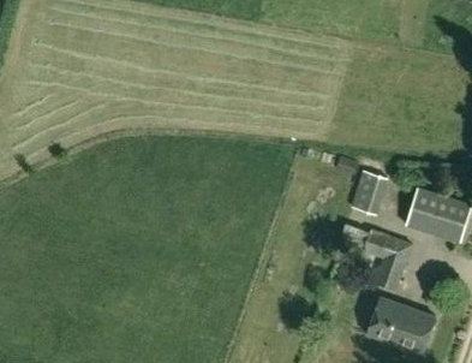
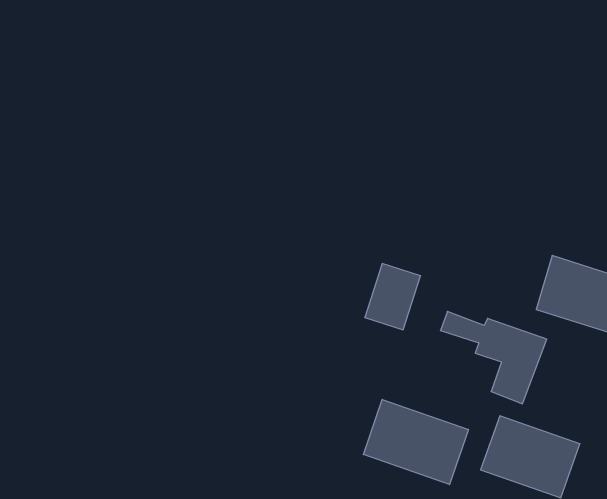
building: [348,169,387,215] -> [365,264,421,330]
building: none -> [363,399,468,485]

